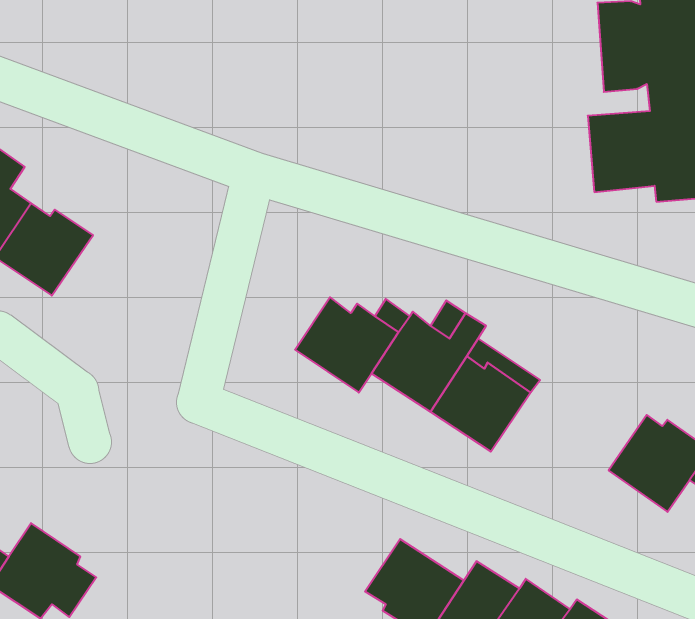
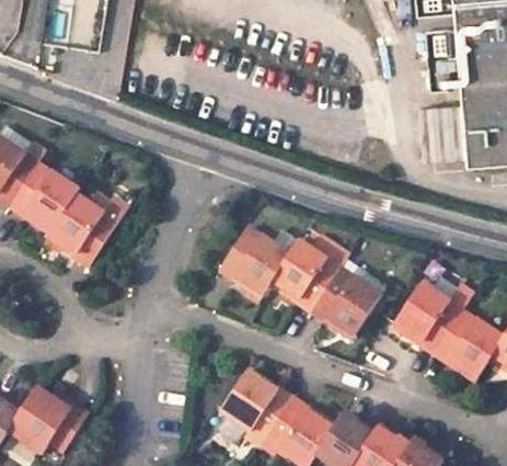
building: none -> [47,193,127,265]
building: none -> [394,282,460,352]
building: none -> [221,370,290,435]

